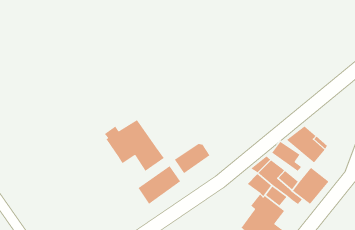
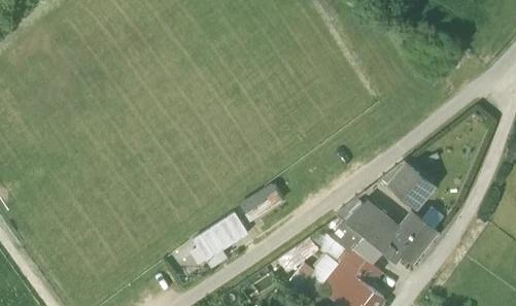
building: [104,119,165,172] -> none

